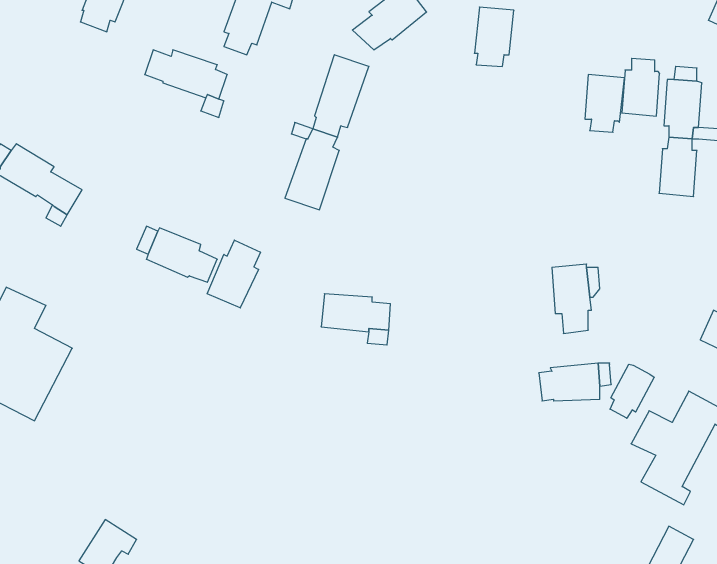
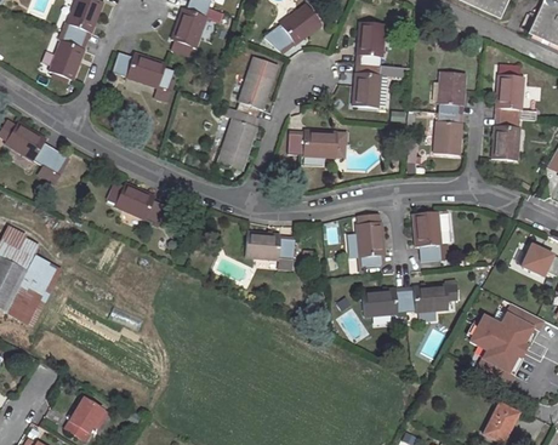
building: none -> [49,32,85,80]
building: [622,58,660,116] -> [433,112,461,154]
building: none -> [352,63,380,107]
building: none -> [287,130,346,156]
building: [207,240,260,308] -> none
building: none -> [355,221,383,264]
building: [610,364,654,418] -> none
building: none -> [361,287,405,315]

